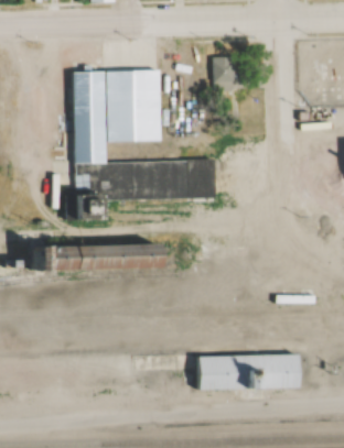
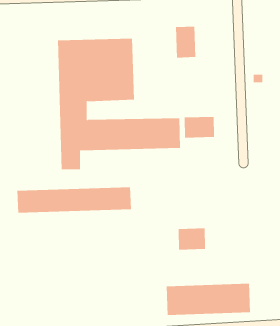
building: none -> [184,116,214,138]
building: none -> [178,228,206,250]

